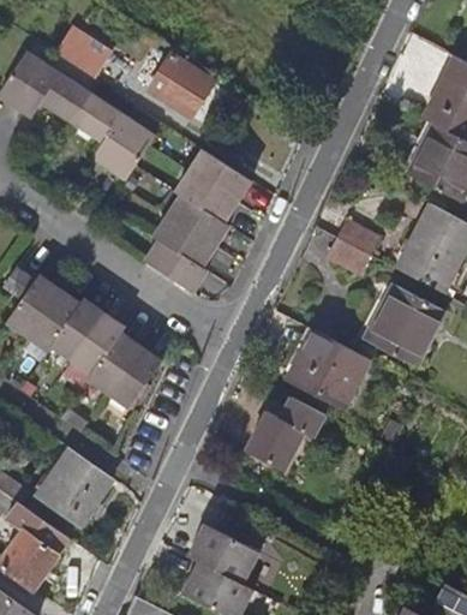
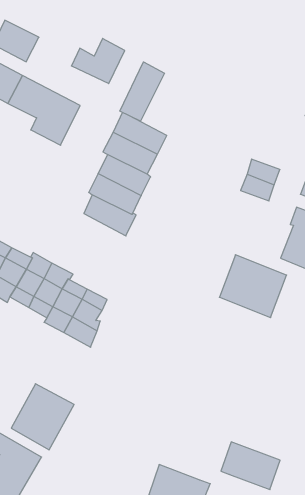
building: none -> [120,62,164,121]
building: [245,396,323,470] -> none
building: [190,523,259,583] -> [221,442,280,490]

